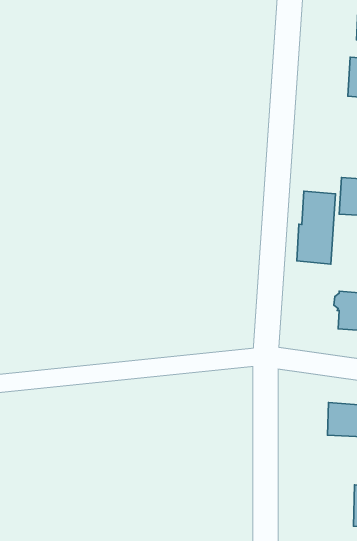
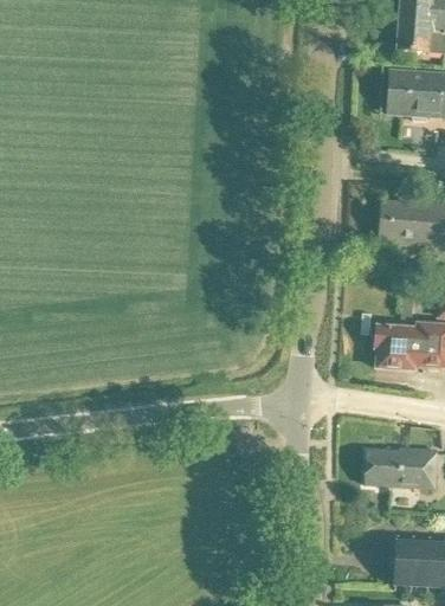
building: [297,191,336,264] -> none

